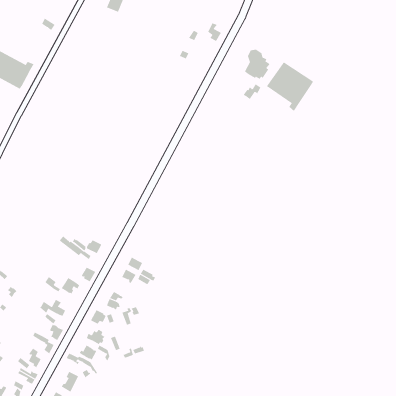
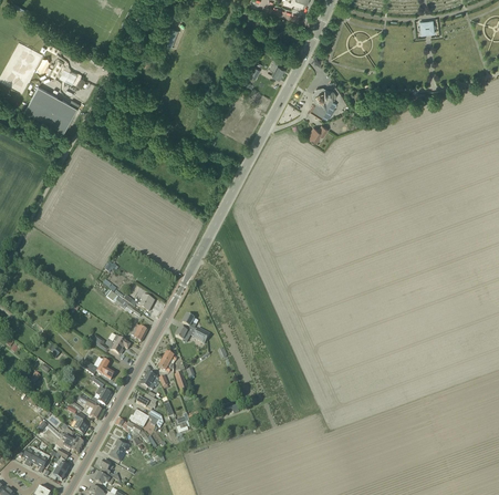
building: [266,61,314,112] -> none

